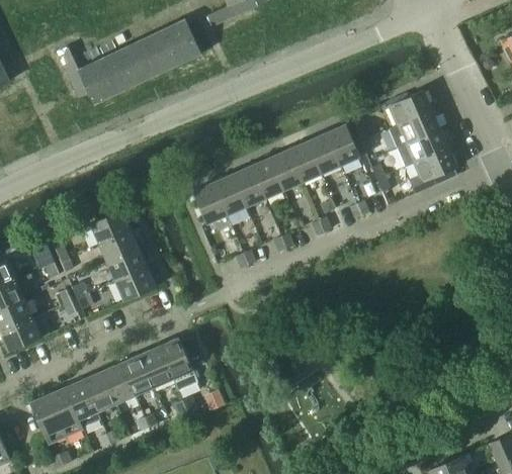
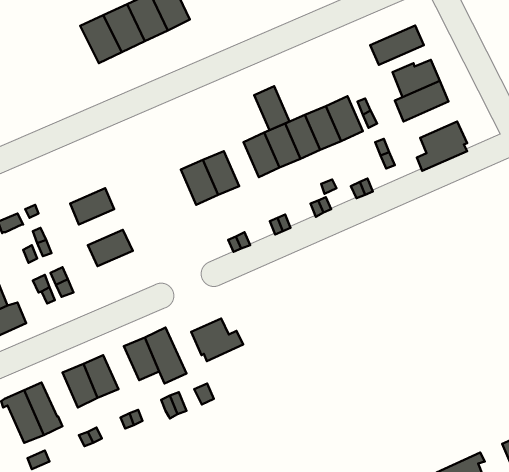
building: [57,48,116,104] -> none
building: [398,129,447,166] -> [370,25,424,65]
building: [232,167,264,207] -> [254,86,289,130]
building: [98,228,139,262] -> none
building: [115,267,156,301] -> none
building: none -> [191,318,243,361]
building: [120,355,154,394] -> none
building: [64,379,100,426] -> none

